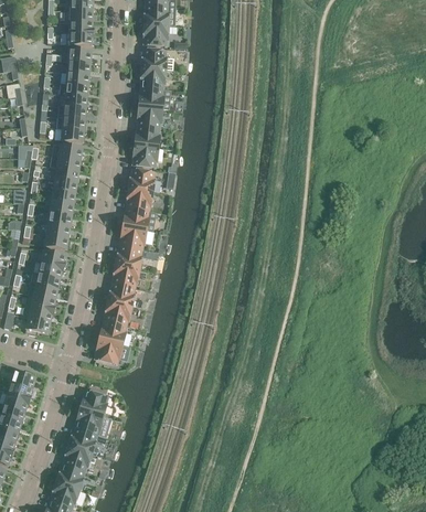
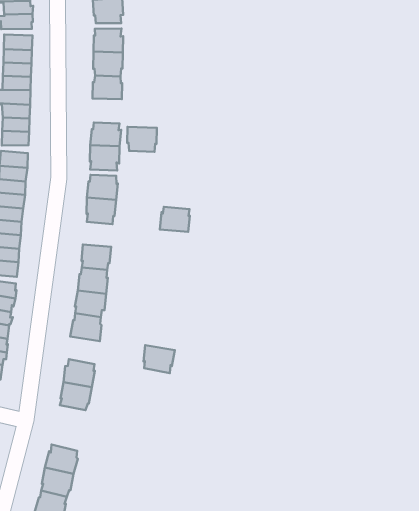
building: [138,106,163,128] -> [127,127,157,152]
building: [124,207,149,230] -> [160,207,190,232]
building: [106,301,132,326] -> [144,345,175,373]

